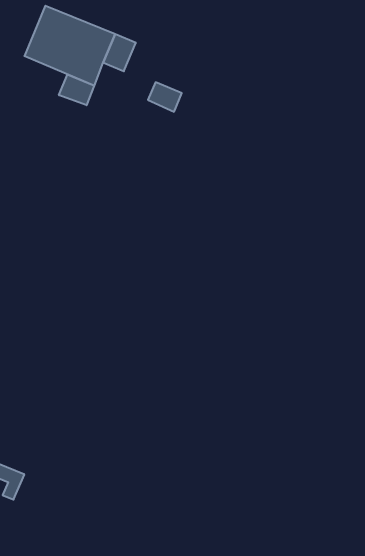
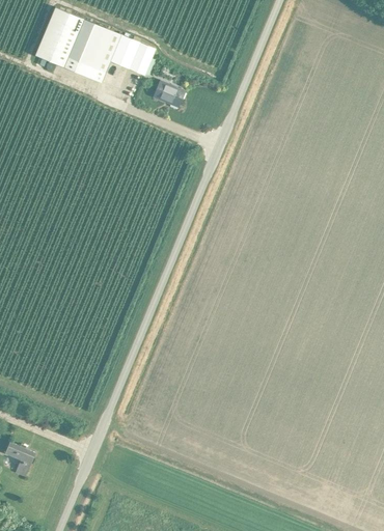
building: none -> [129,43,154,75]
building: [59,75,94,105] -> none

